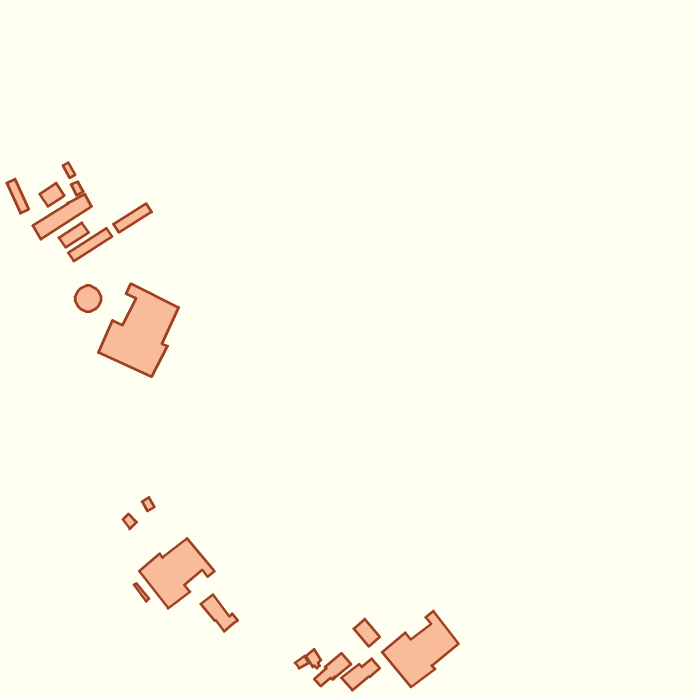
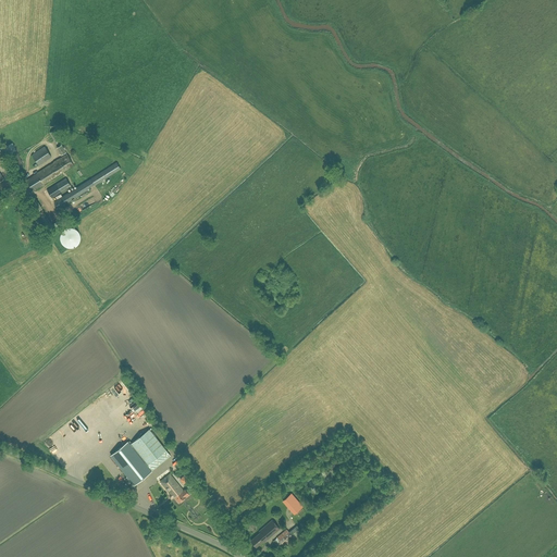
building: [98,284,179,377] -> none
building: [382,611,458,687] -> none

